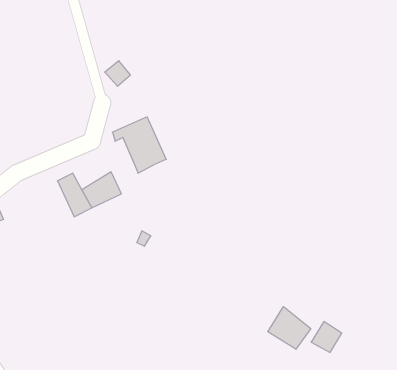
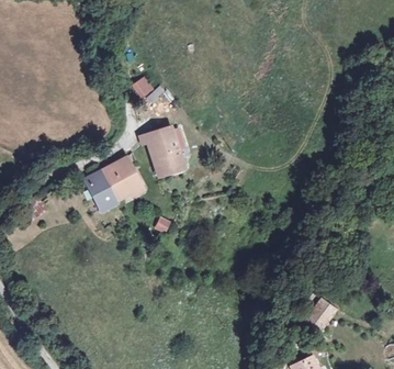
building: none -> [103,160,136,188]
building: [268,307,311,349] -> none

